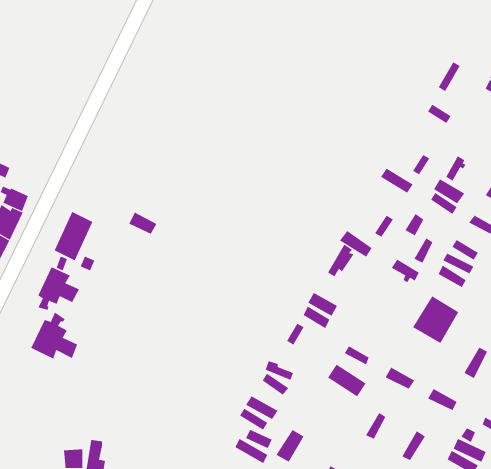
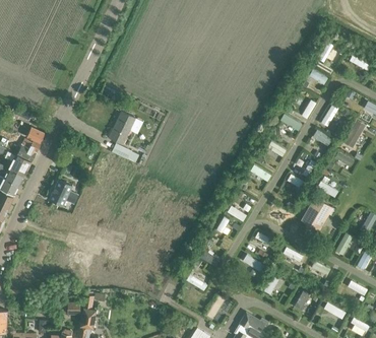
building: [54,211,93,261] -> [108,113,134,146]
building: [31,312,78,359] -> none

